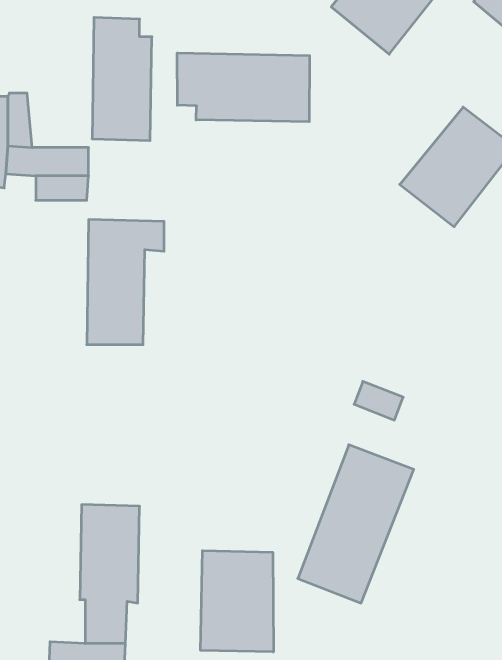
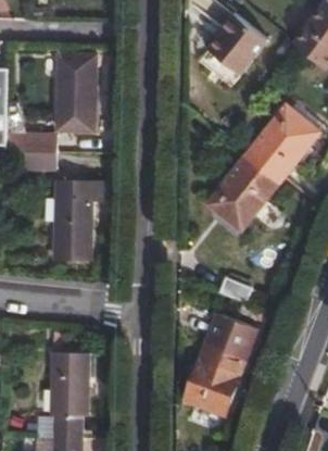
building: [177,53,310,122] -> none
building: none -> [210,155,281,230]
building: [201,551,273,652] -> none

